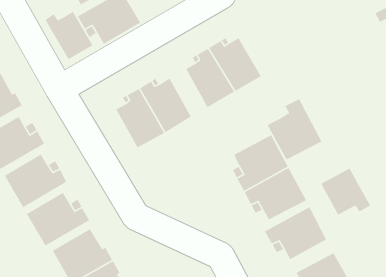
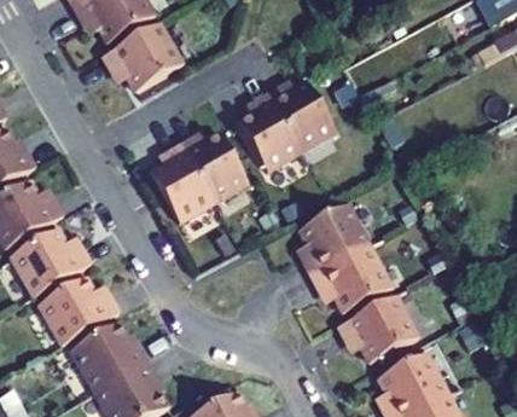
building: [44,11,94,60] -> none
building: [266,98,322,161] -> none
building: [320,167,371,216] -> none

